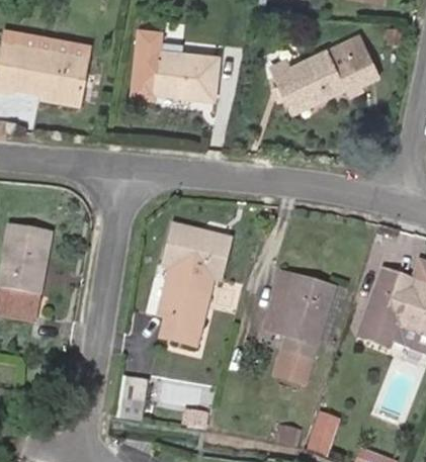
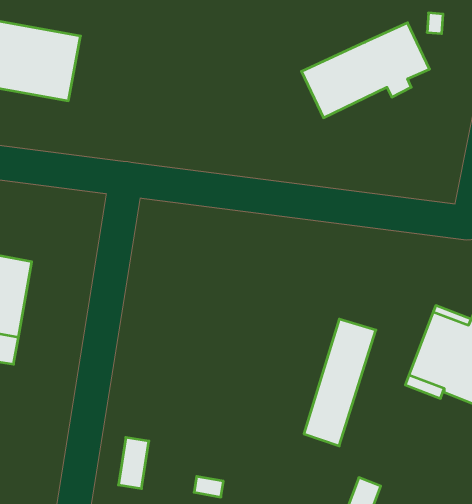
building: [132,29,220,98] -> none
building: [158,226,229,344] -> none
building: [264,273,305,336] -> none

